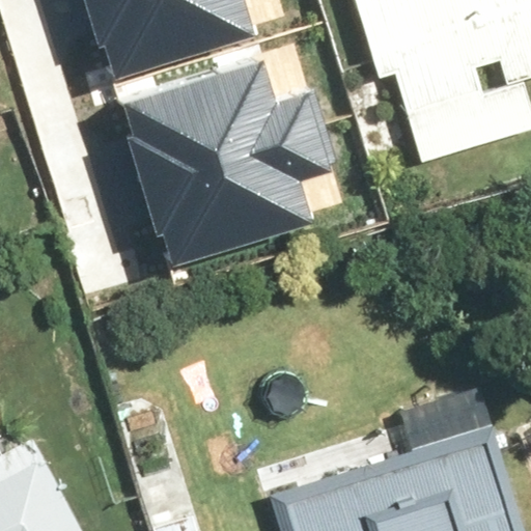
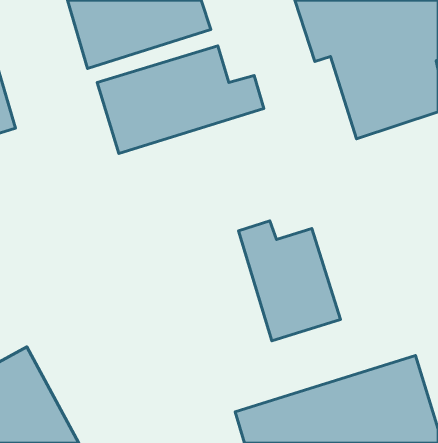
building: [142,130,328,267] -> none
building: none -> [238,221,340,341]

